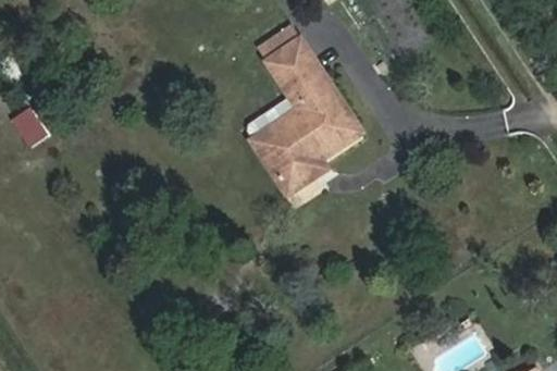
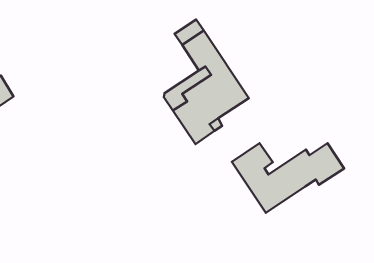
building: none -> [232,143,344,213]

